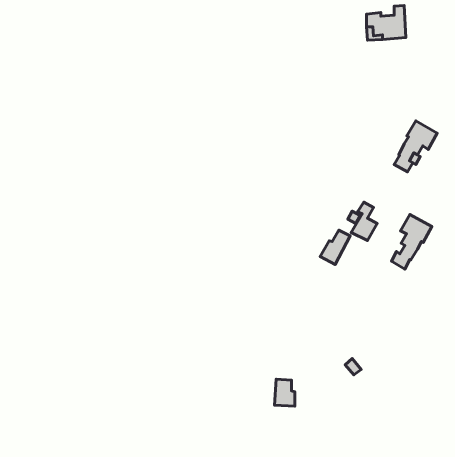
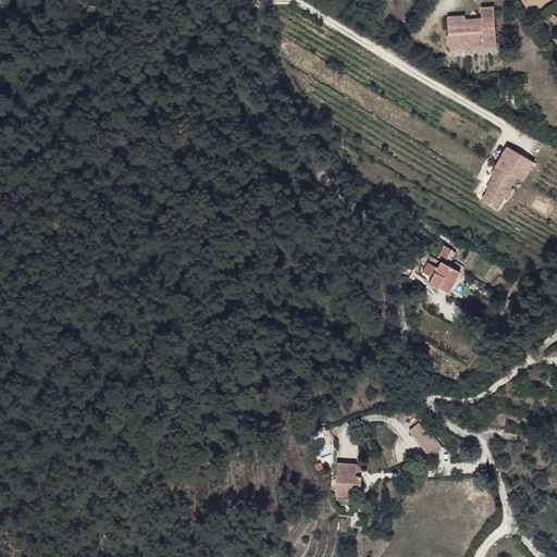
building: [391,214,432,269] -> none
building: [320,230,350,265] -> none

